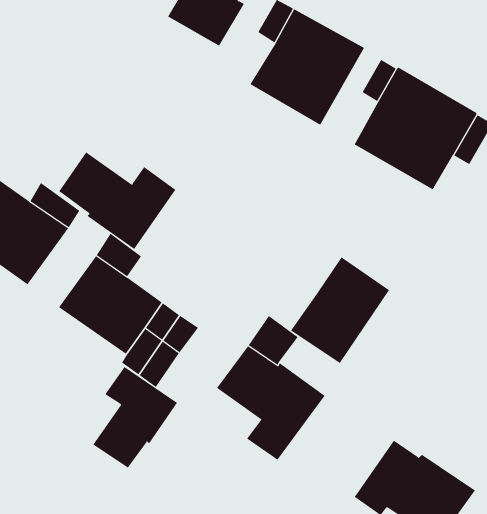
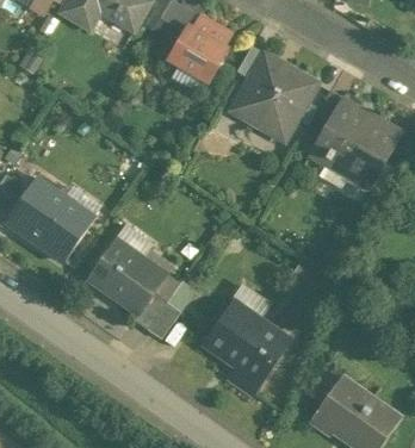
building: [59,151,176,250] -> none
building: [290,256,390,364] -> none
building: [93,366,178,469] -> none

